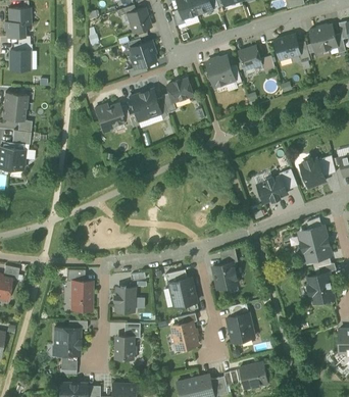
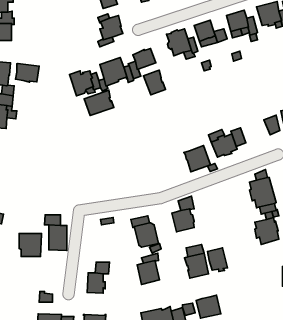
building: none -> [15,64,39,82]
building: none -> [144,70,166,95]
building: none -> [84,90,114,115]
building: [300,158,326,188] -> none
building: none -> [184,145,210,172]
building: [115,287,135,312] -> none
building: none -> [207,248,227,271]
building: [54,328,80,354] -> [19,233,42,257]

